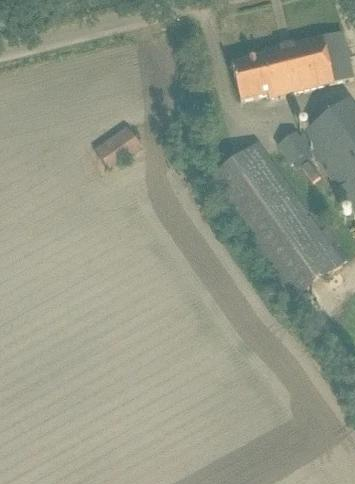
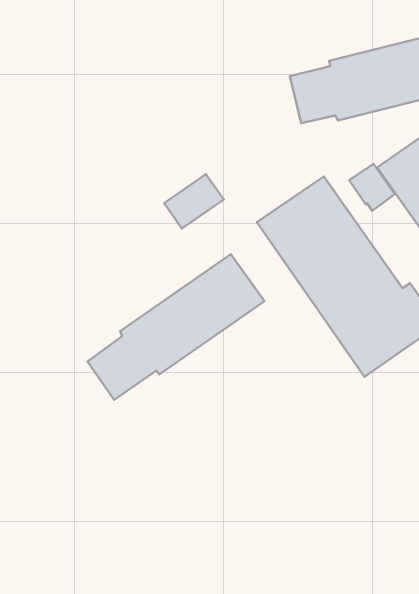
building: [95,124,142,167] -> [164,174,224,229]
building: none -> [87,254,264,400]

